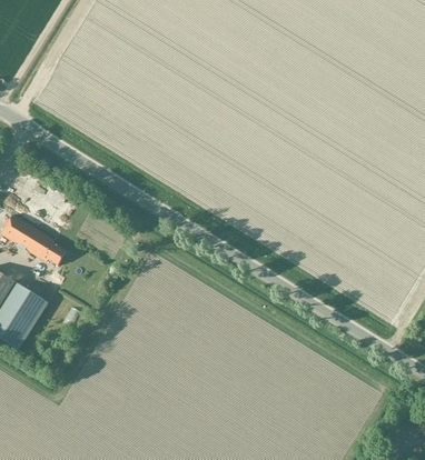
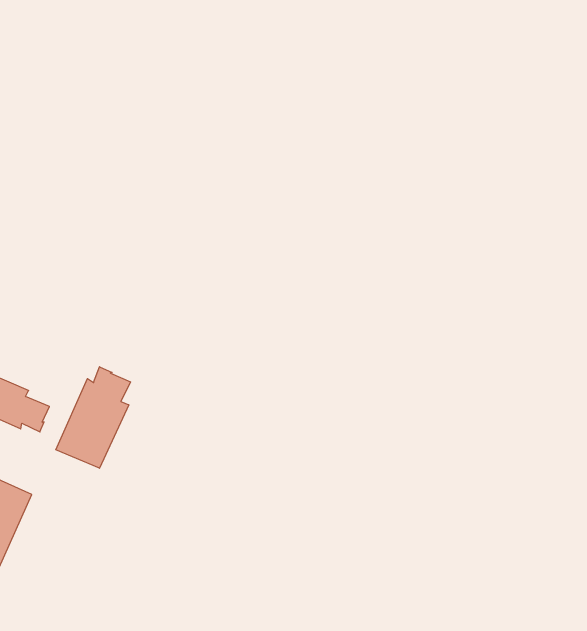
building: none -> [56,367,131,468]

